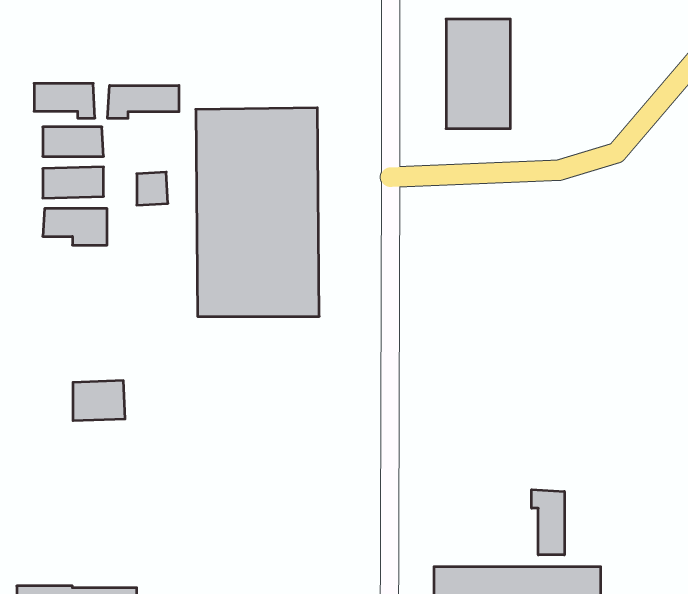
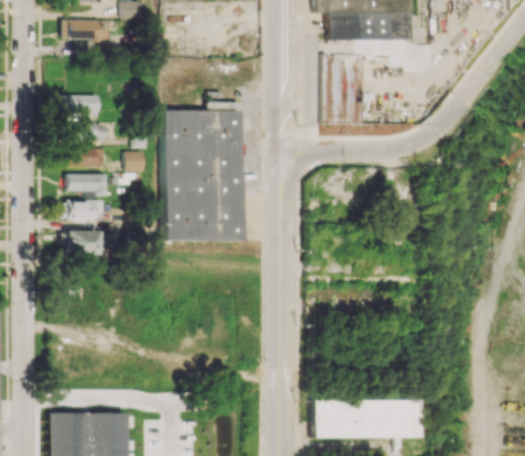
building: [108,85,179,118] -> none
building: none -> [63,200,105,221]
building: [73,381,125,421] -> [67,230,100,255]
building: [532,490,564,555] -> none

